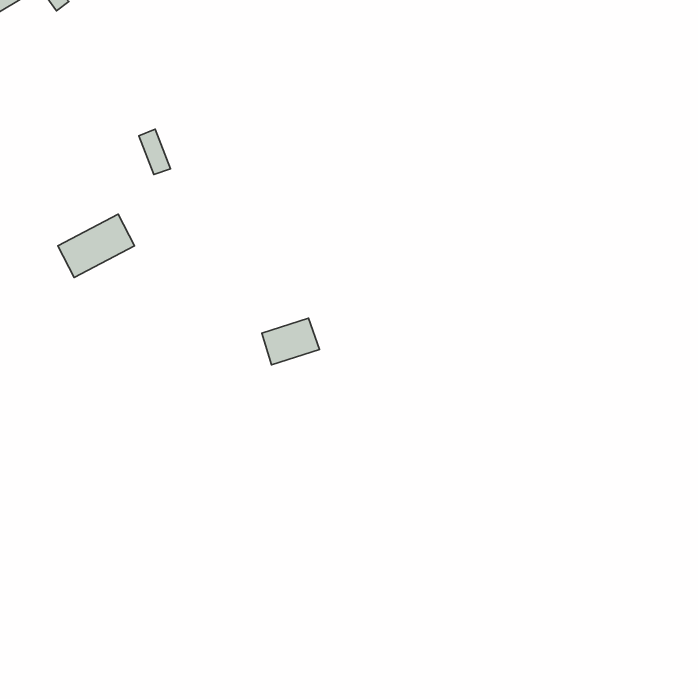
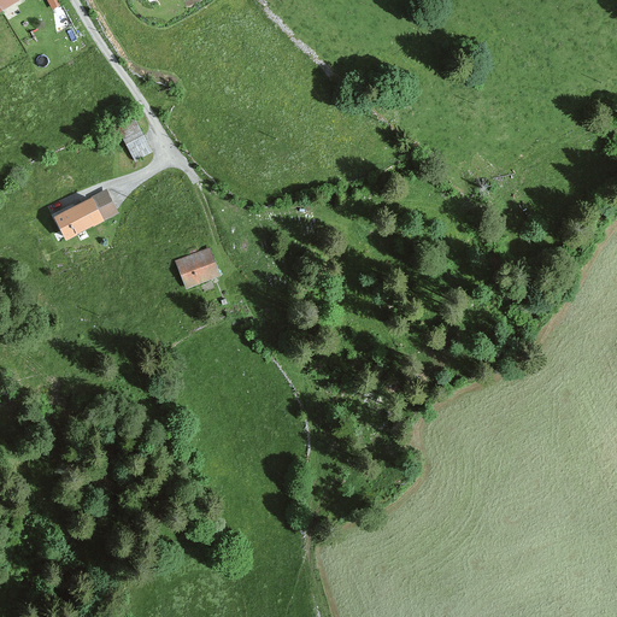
building: [262,318,320,365] -> [170,246,221,287]

